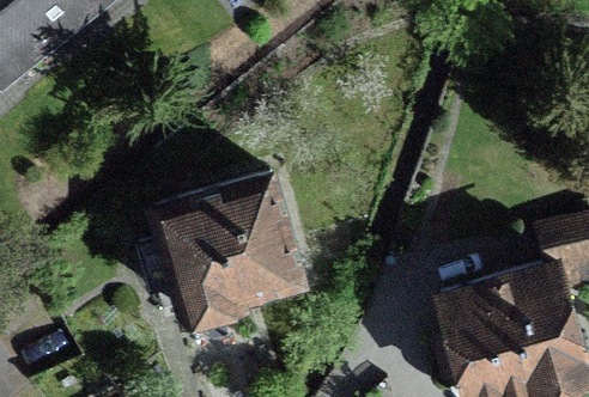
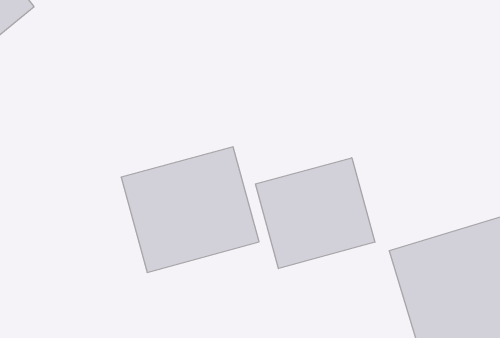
building: none -> [255,158,375,269]

